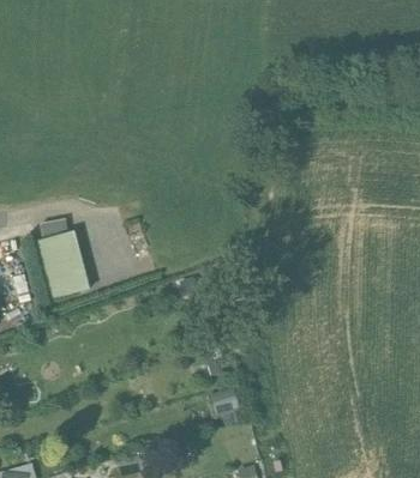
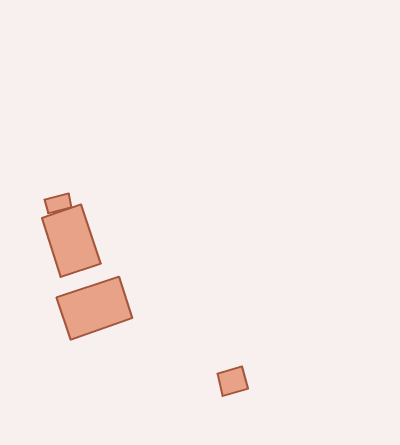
building: none -> [57,277,132,340]

